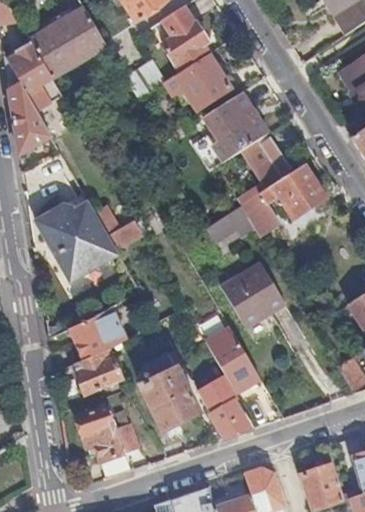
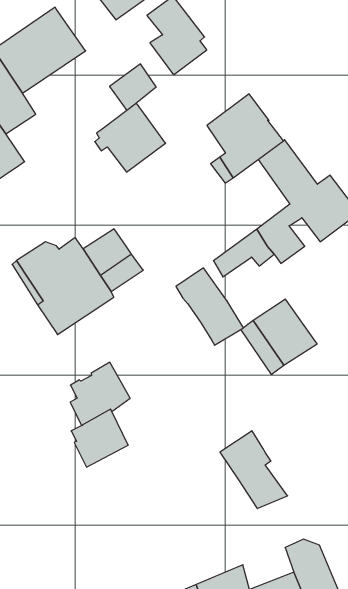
building: [171,53,230,110] -> [95,103,166,172]
building: [206,327,260,392] -> [176,268,243,345]
building: [140,359,199,431] -> none
building: [76,405,131,478] -> none

